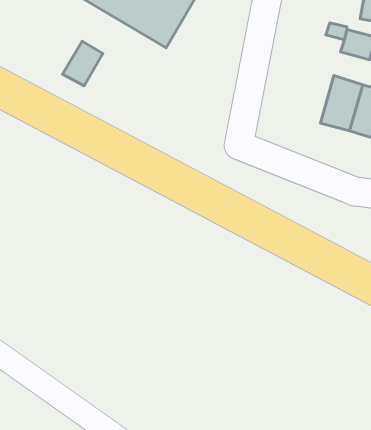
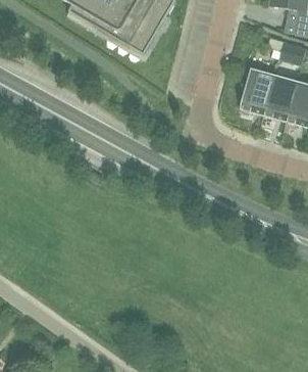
building: [63,41,103,86] -> none
building: none -> [239,63,274,113]

